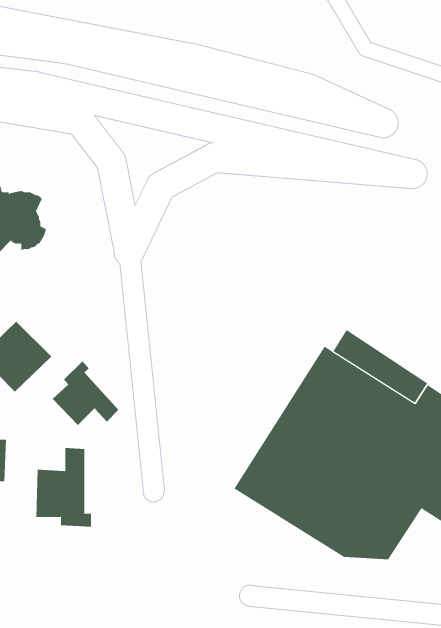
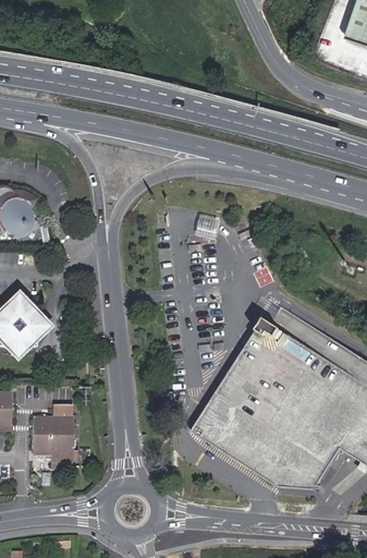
building: [52,360,119,426] -> none

